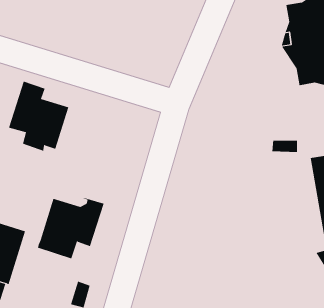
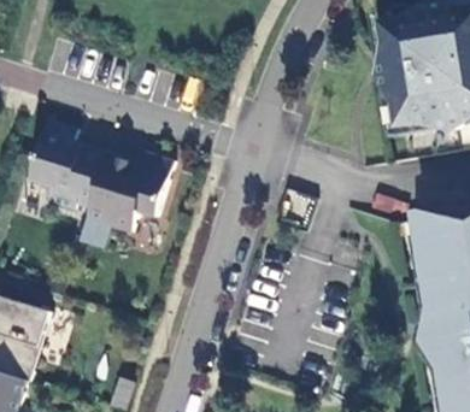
building: [37,197,105,259] -> [84,152,171,231]

